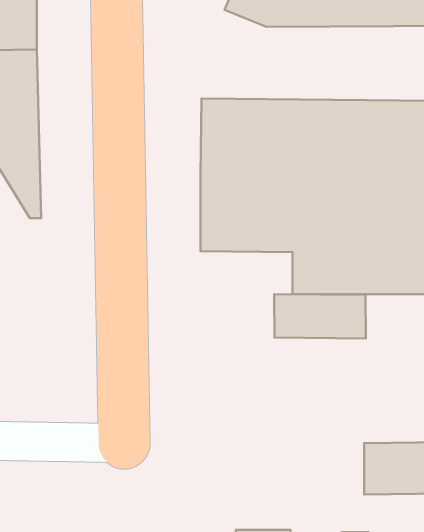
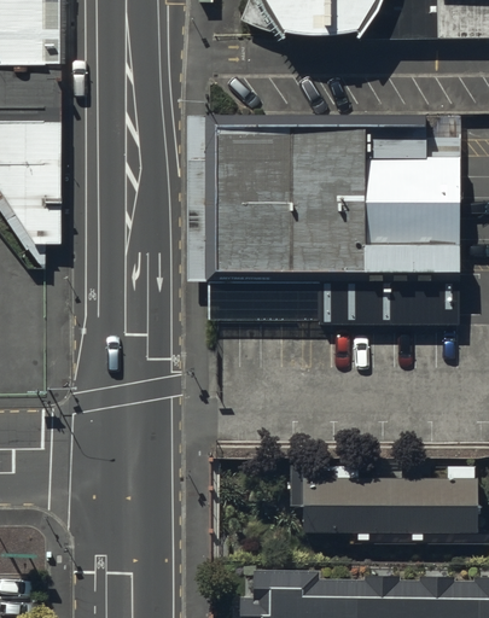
building: [274,294,366,338] -> none
building: none -> [305,479,391,534]

